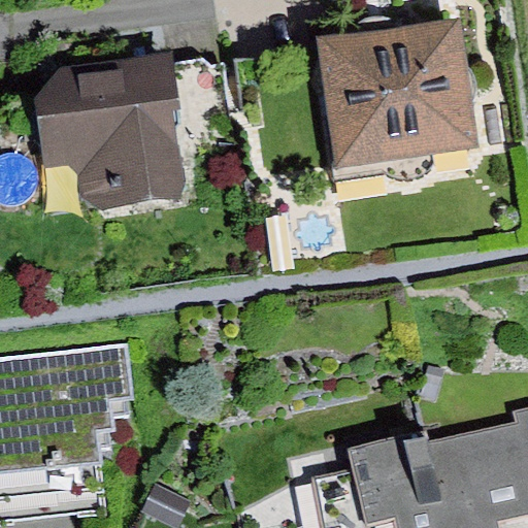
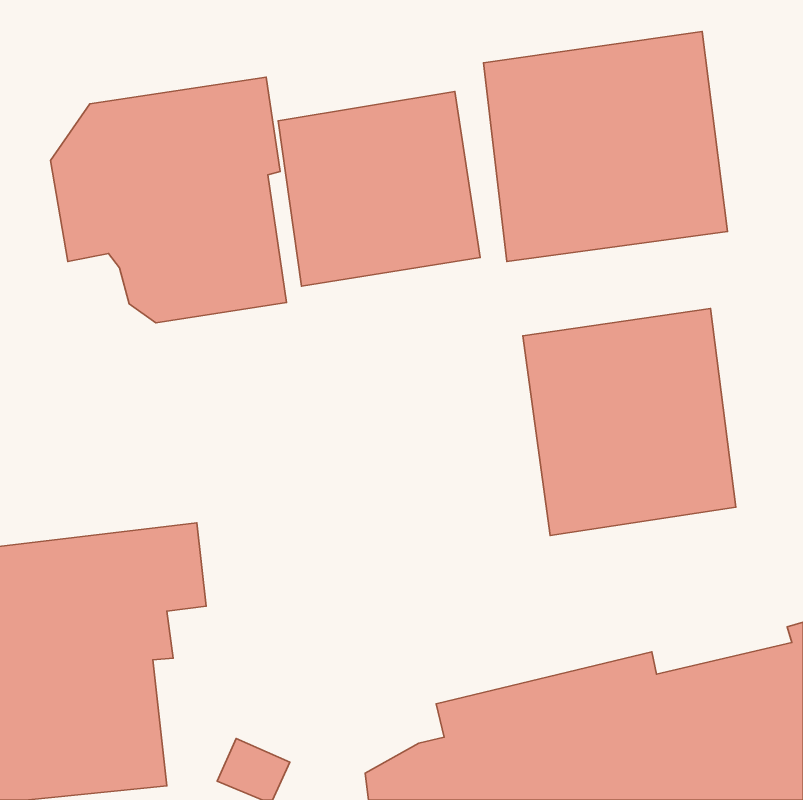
building: none -> [278,92,480,286]
building: none -> [523,309,736,535]

